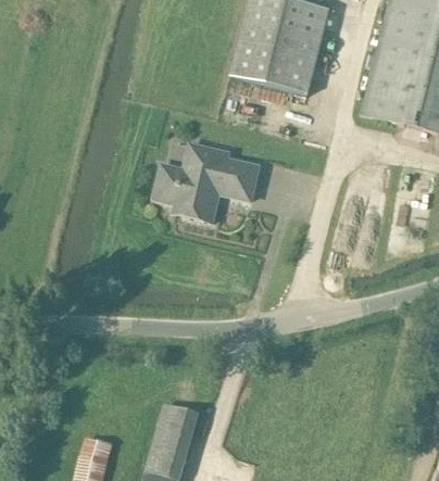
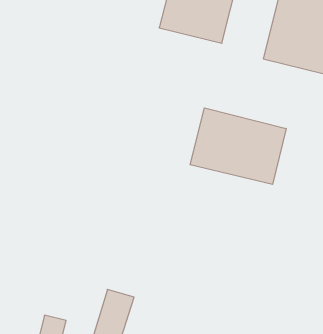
building: [153,143,259,221] -> none
building: none -> [190,108,286,184]

